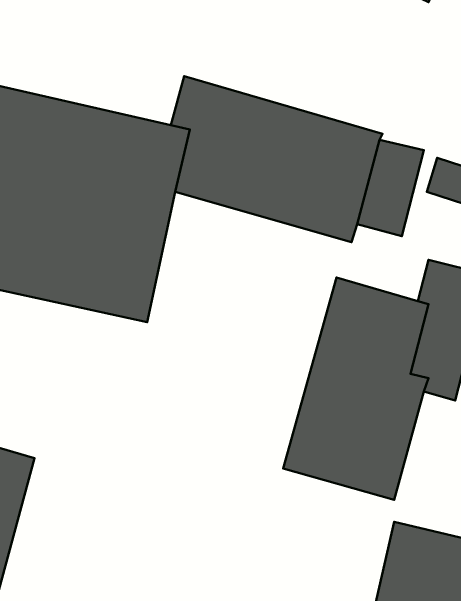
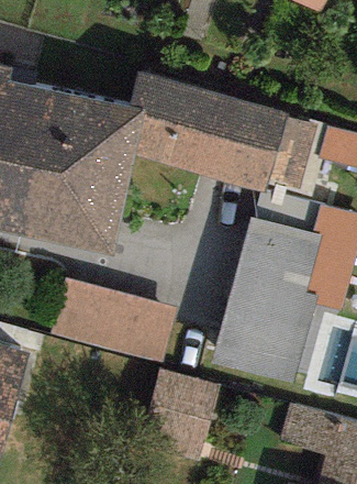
building: none -> [47,275,176,361]
building: none -> [142,371,219,454]

